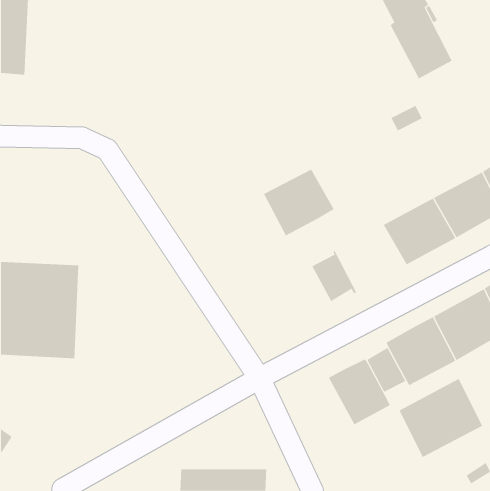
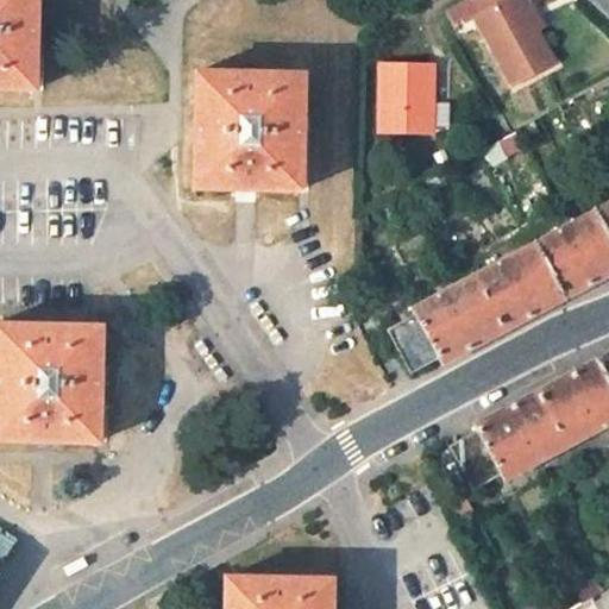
building: none -> [383,65,453,131]
building: none -> [193,73,304,190]
building: [263,169,335,236] -> [416,277,504,360]
building: [328,358,391,425] -> none
building: [399,378,483,458] -> none

